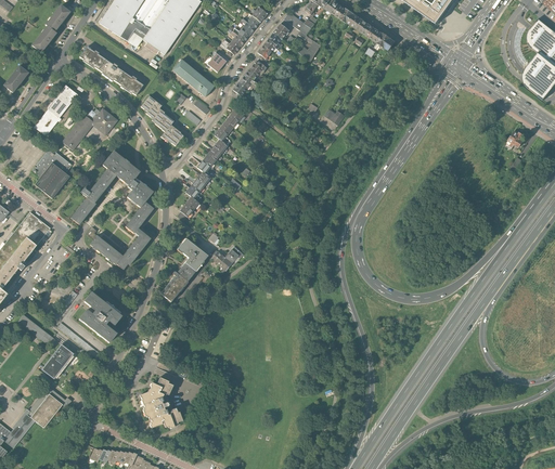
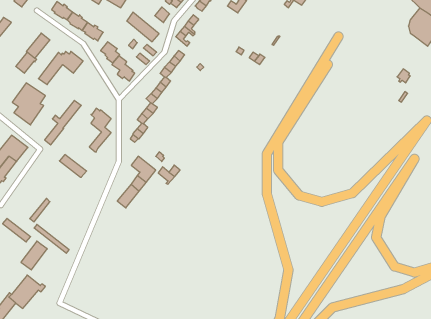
building: [103,151,140,185] -> none
building: [116,227,150,269] -> none
building: [79,291,121,342] -> none
building: [139,376,182,428] -> none

